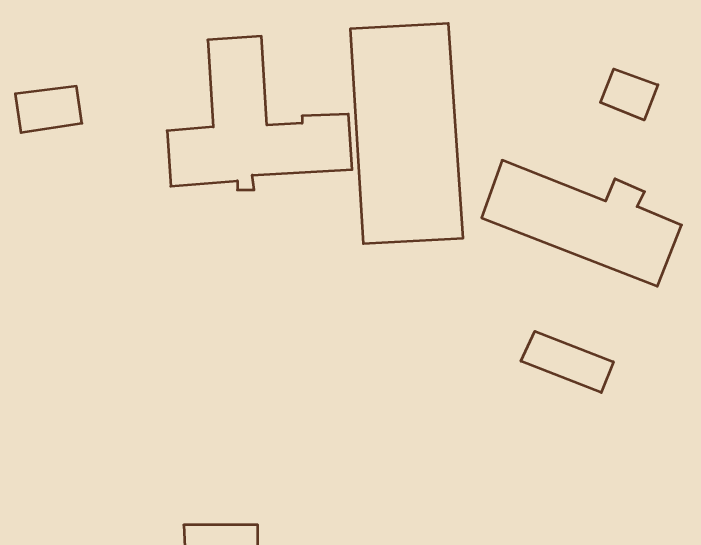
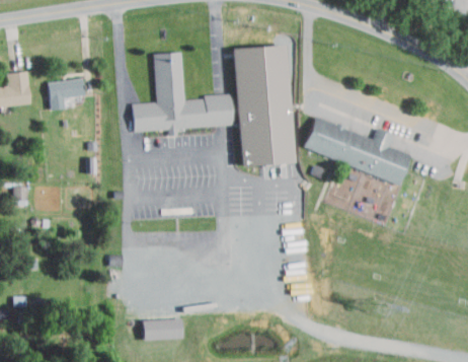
building: [600,69,658,120] -> none
building: [521,331,613,393] -> none

